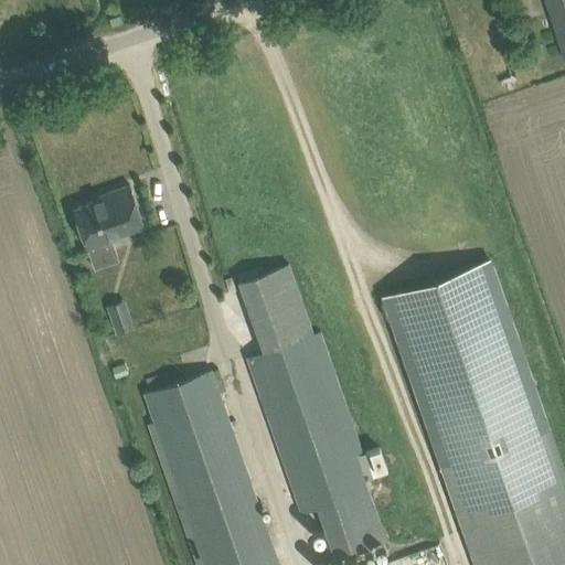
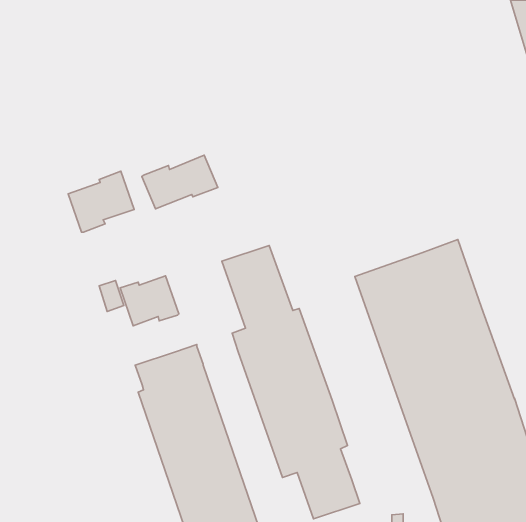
building: none -> [142,155,218,209]
building: none -> [120,276,179,326]

